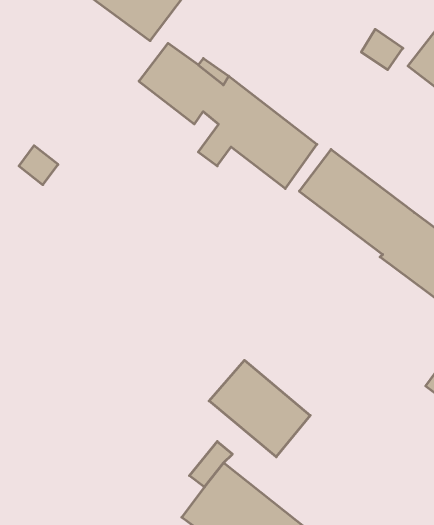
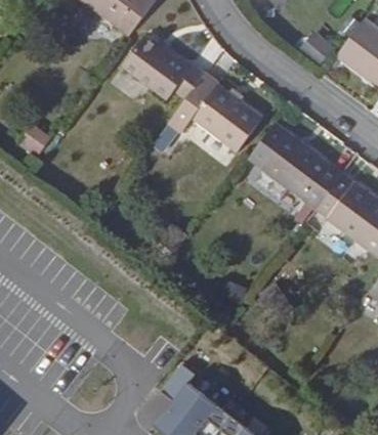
building: [209,360,310,457] -> none

